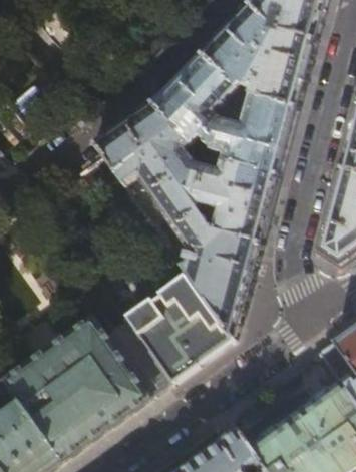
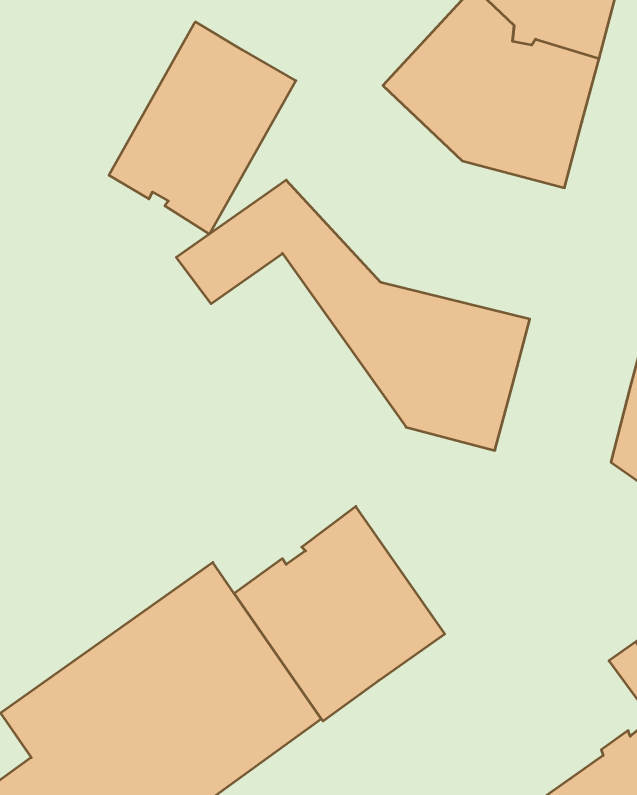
building: none -> [109,22,296,234]
building: [149,54,294,175] -> none
building: [110,141,258,339] -> none

